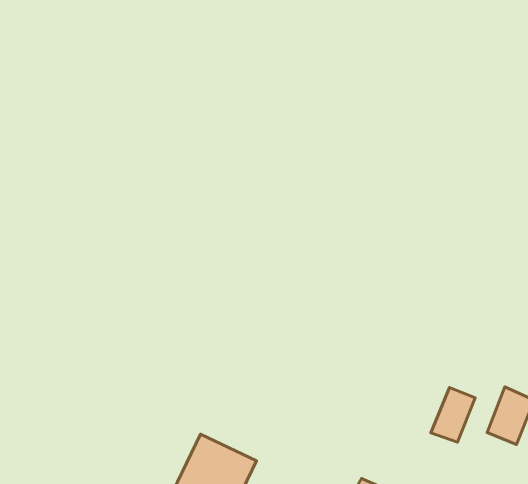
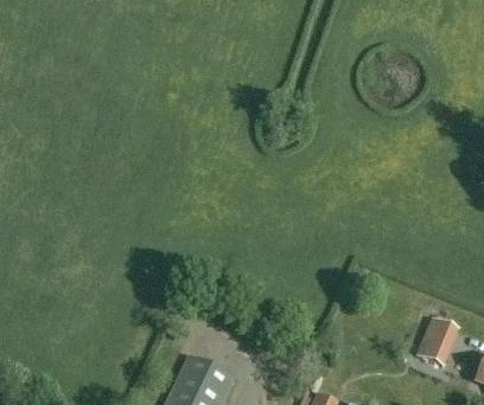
building: [431,388,475,442] -> none

